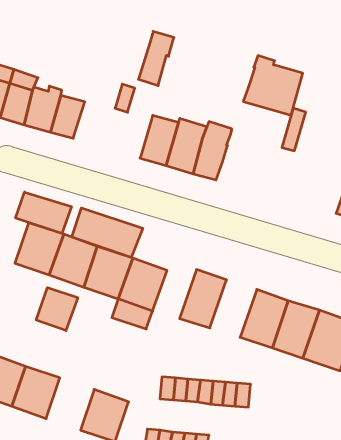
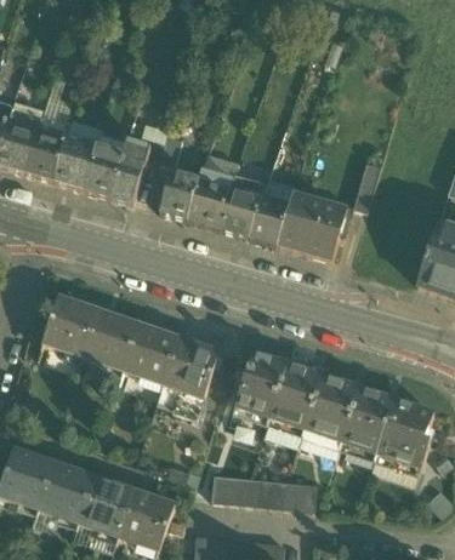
building: [138,31,174,86] -> [109,141,150,204]
building: [243,56,303,115] -> [275,192,345,261]
building: none -> [159,171,200,219]
building: [16,192,71,233] -> none
building: [72,208,143,257] -> none
building: none -> [268,361,323,428]
building: [36,288,78,331] -> none
building: none -> [78,475,133,536]

